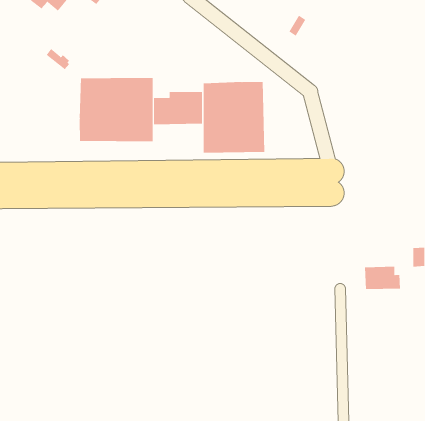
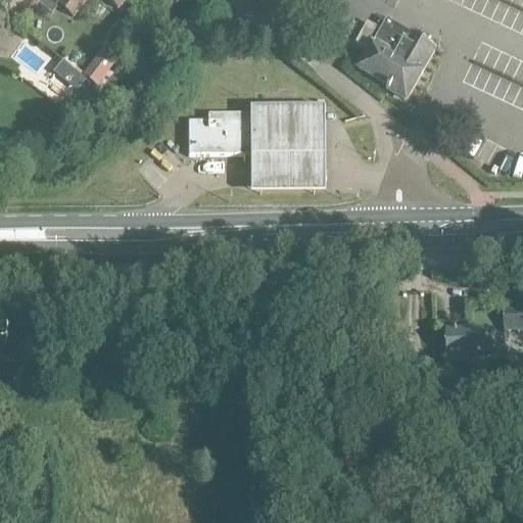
building: none -> [358,15,434,100]
building: none -> [83,45,114,80]
building: [79,77,153,142] -> none

